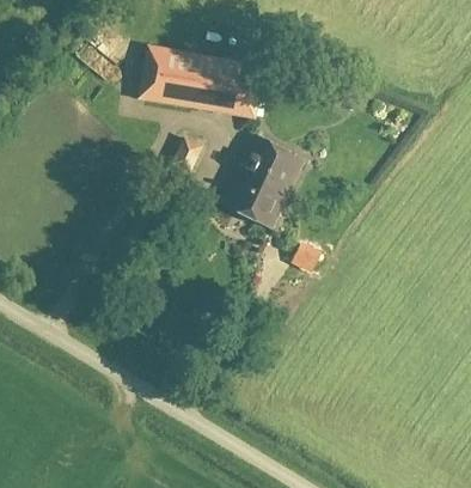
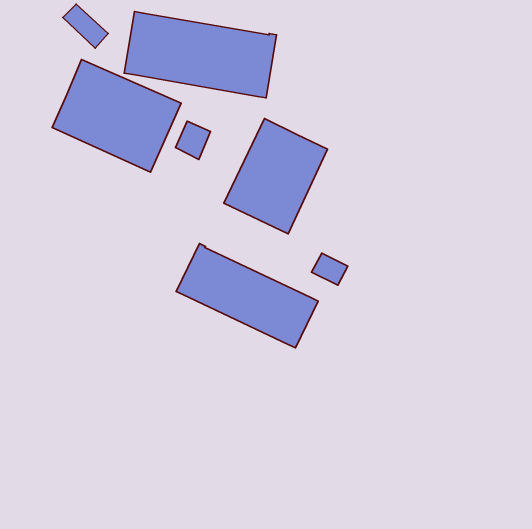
building: none -> [52,59,181,172]
building: none -> [176,244,318,348]

